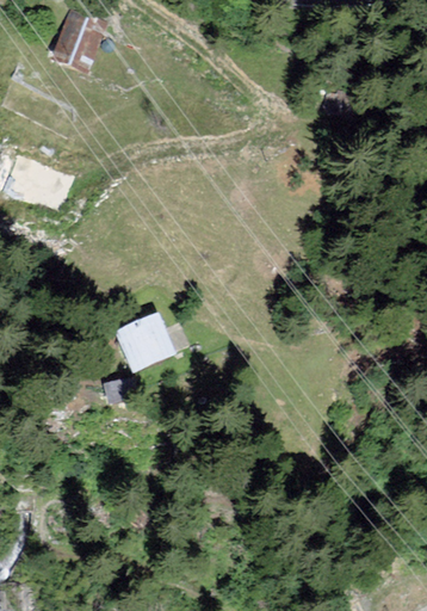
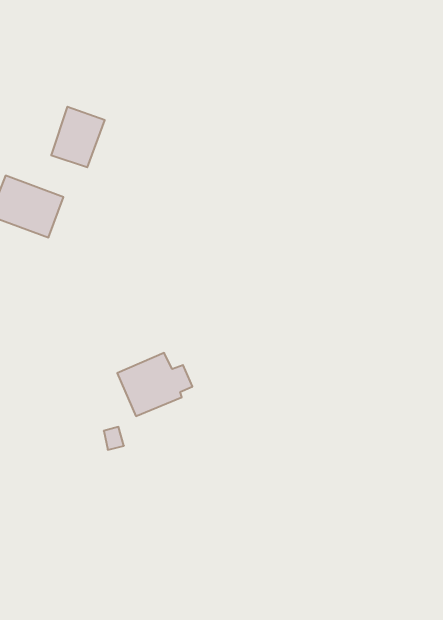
building: [54,11,101,64] -> [51,107,105,167]

